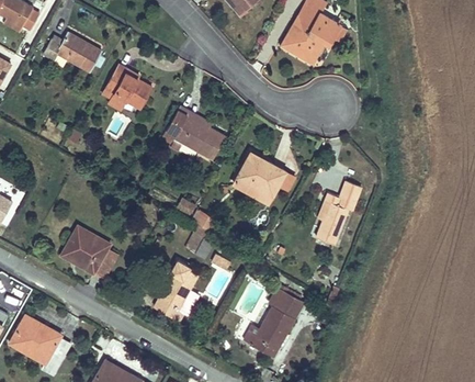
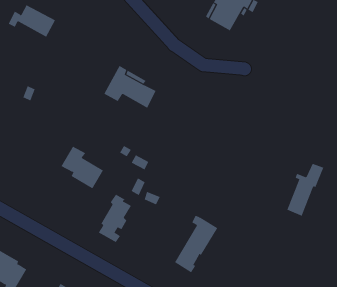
building: [108,63,154,106] -> none
building: [233,151,284,201] -> none
building: [316,180,361,244] -> [286,163,324,216]
building: [61,227,113,279] -> [61,146,104,189]

